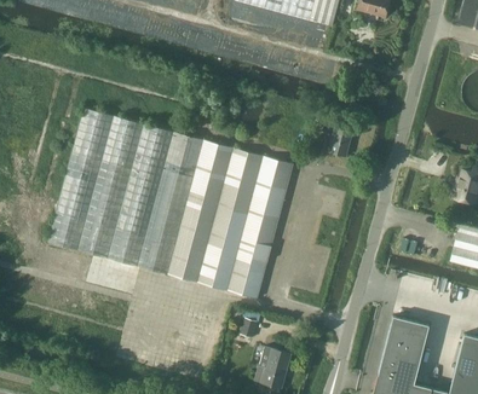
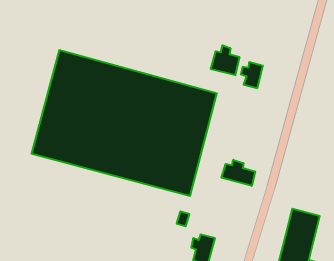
building: none -> [211,45,239,75]
building: none -> [222,160,255,186]

